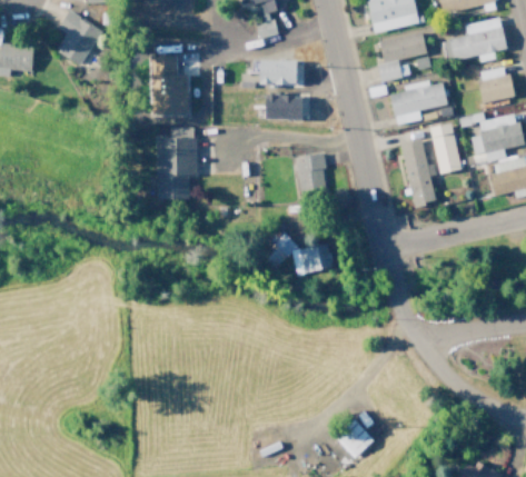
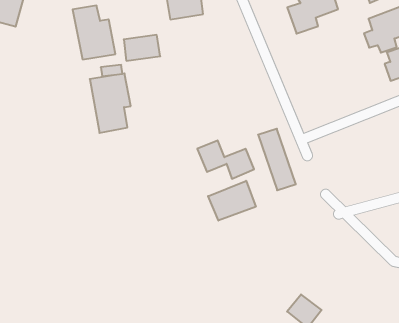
building: [262,95,301,120] -> [124,35,160,61]
building: [431,122,463,173] -> none
building: [403,138,436,207] -> [258,129,296,190]
building: [300,153,328,197] -> none
building: none -> [208,181,256,221]

